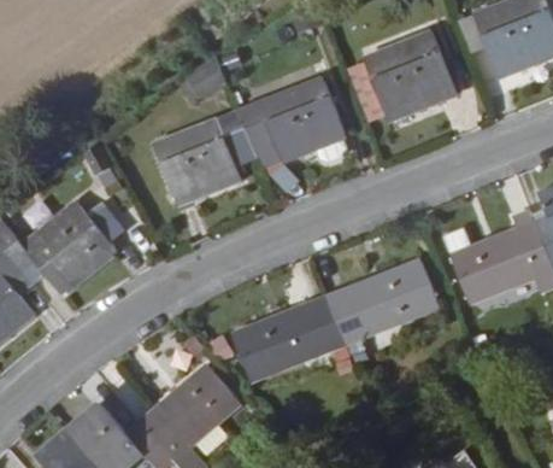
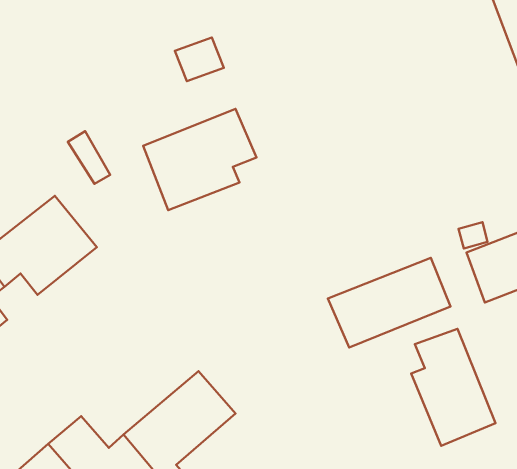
building: [366,39,458,129] -> none
building: [241,88,348,175] -> none
building: [234,296,345,378] -> none
building: none -> [411,329,495,446]

